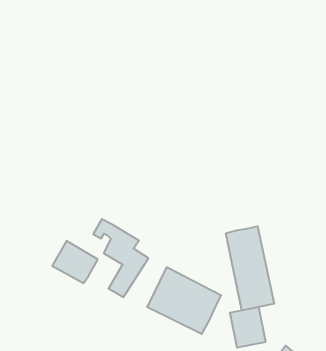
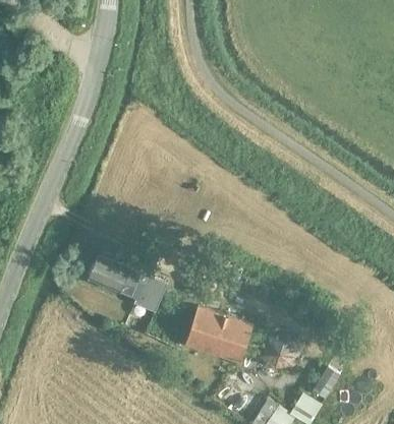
building: [226,226,274,310] -> none
building: [52,241,98,283] -> [88,253,129,291]

